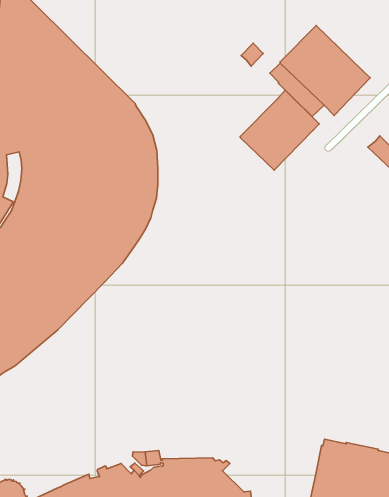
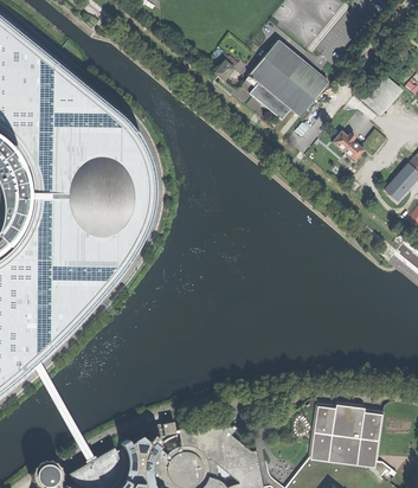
building: [240,90,319,170] -> none

